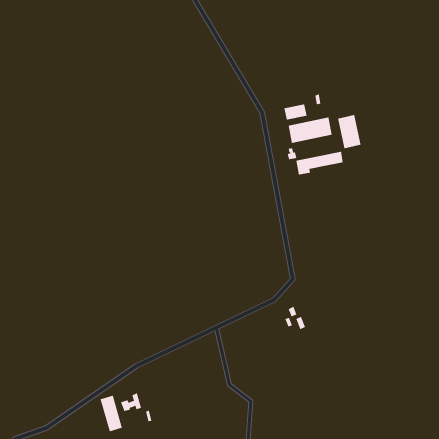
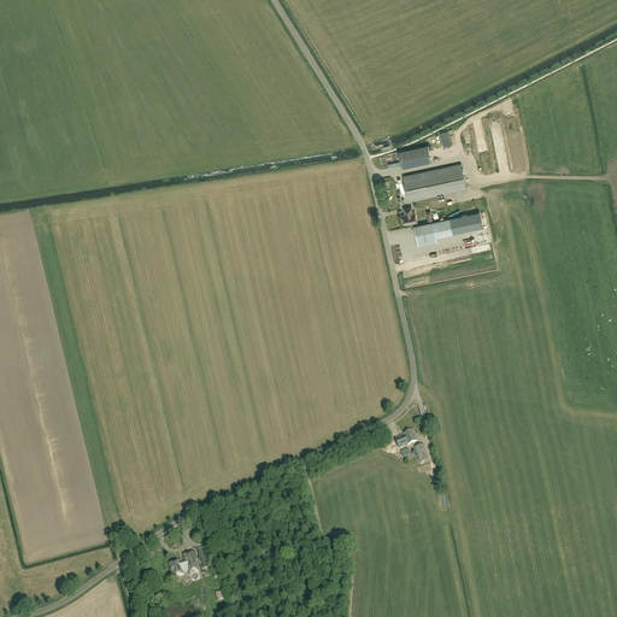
building: [338,114,361,149] -> none
building: [100,395,123,432] -> none

